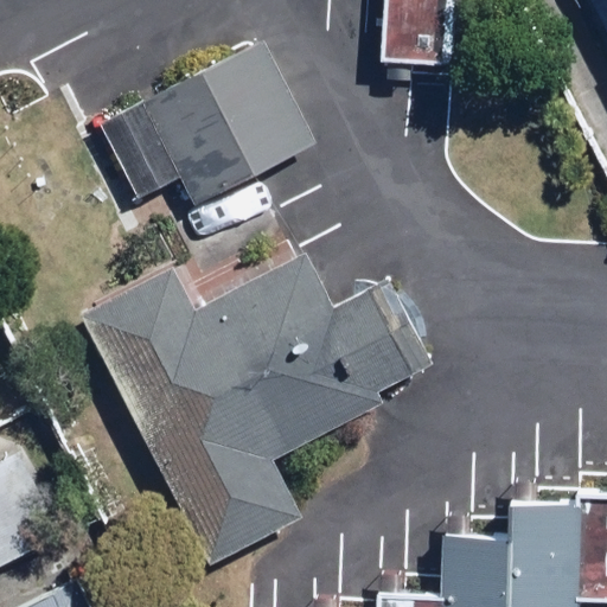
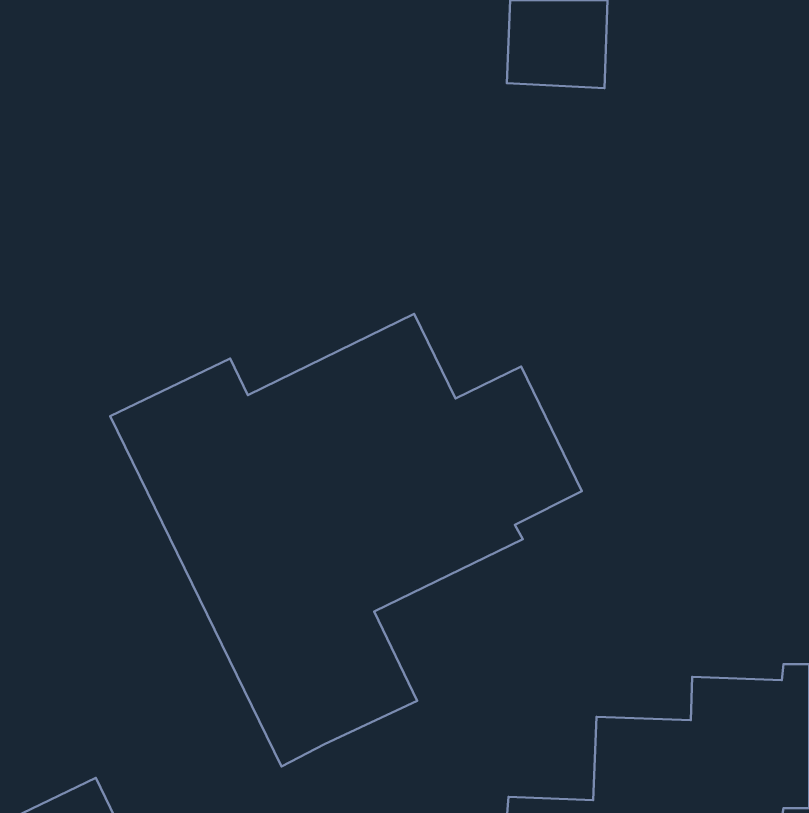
building: [94,33,324,232] -> none

